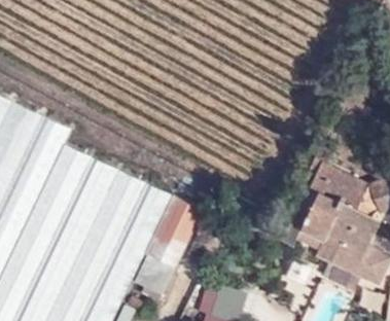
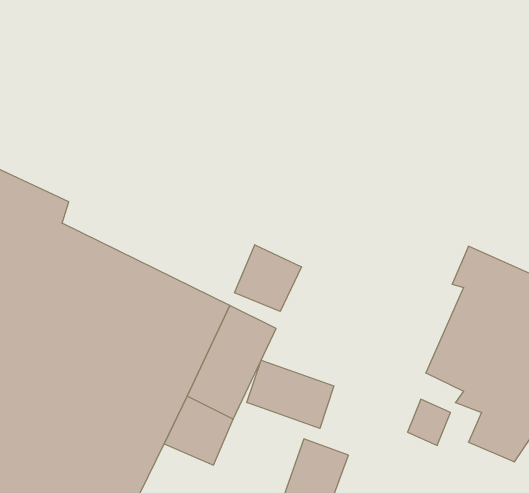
building: none -> [234,245,301,311]
building: none -> [247,360,334,428]

